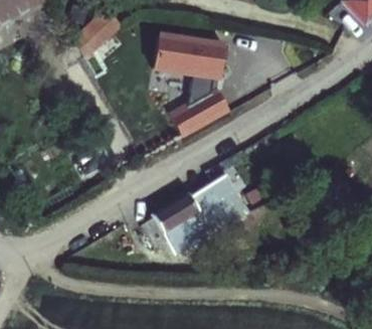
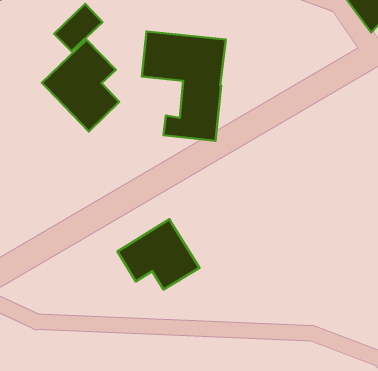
building: none -> [42,40,119,131]
building: [189,177,249,236] -> none

